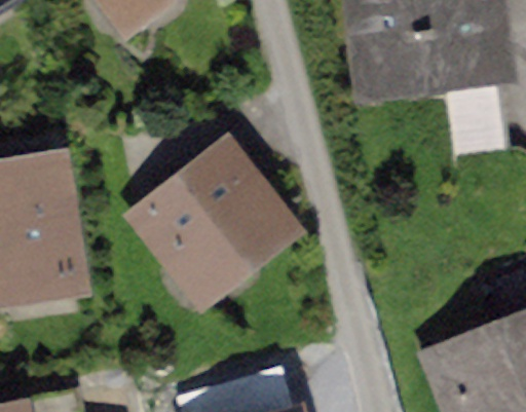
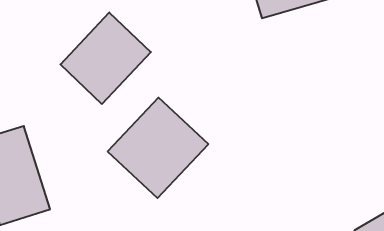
building: none -> [60,12,151,104]

